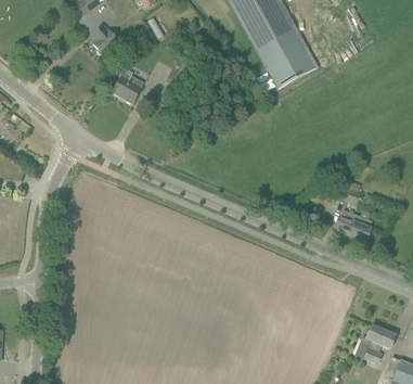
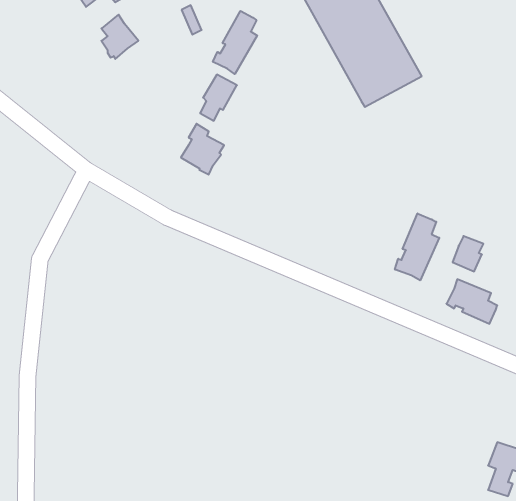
building: none -> [213,11,257,74]
building: [113,66,143,102] -> [181,124,224,175]
building: none -> [395,213,439,280]

